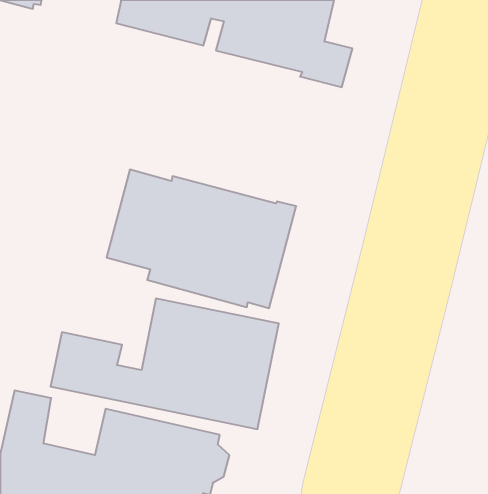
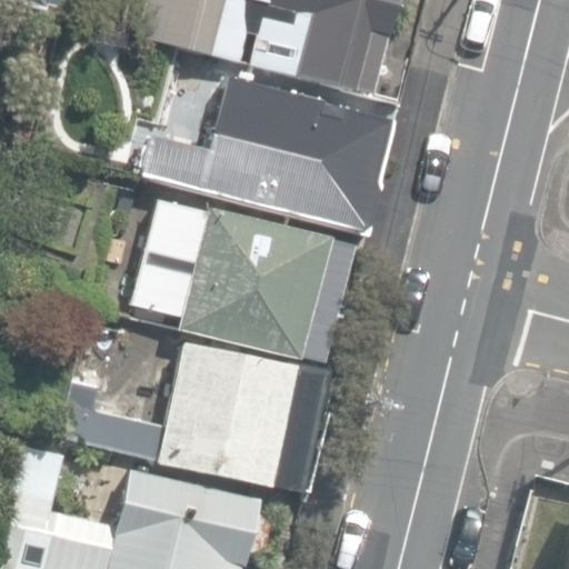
building: none -> [141,72,385,233]

